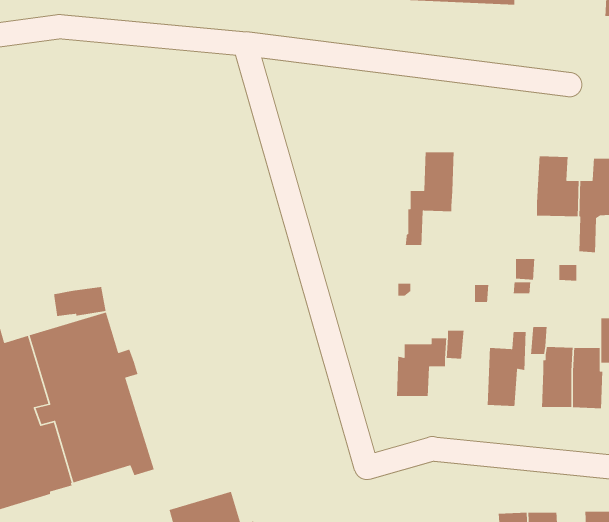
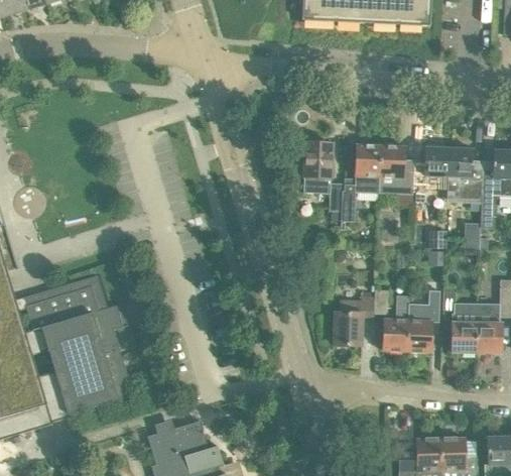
building: none -> [304,141,345,210]
building: none -> [424,142,450,185]
building: none -> [379,143,415,194]
building: [53,286,106,317] -> none
building: none -> [382,294,409,350]

